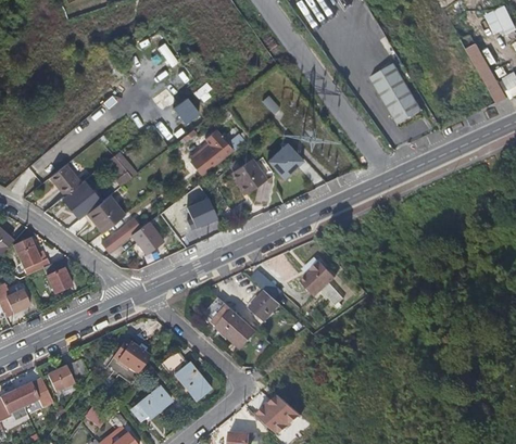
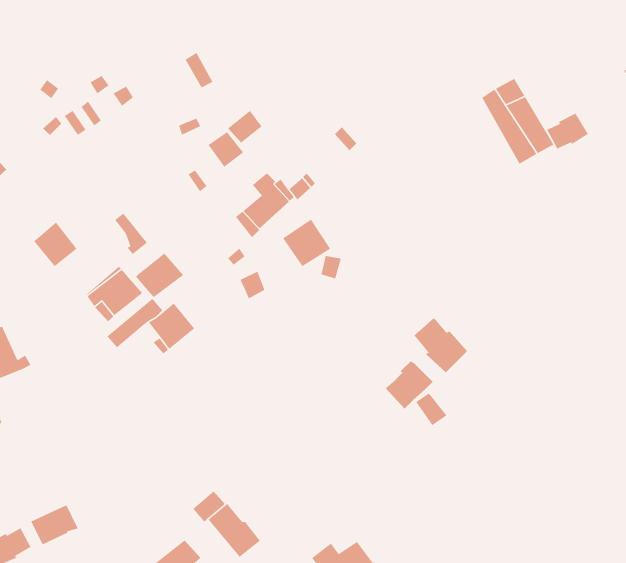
building: none -> [546,112,589,149]
building: [268,142,305,179] -> none
building: [62,180,97,213] -> [135,252,184,298]
building: none -> [414,317,468,373]
building: [42,258,72,293] -> none
building: [246,291,277,321] -> none
building: [210,306,254,348] -> none
building: [113,338,151,375] -> none

